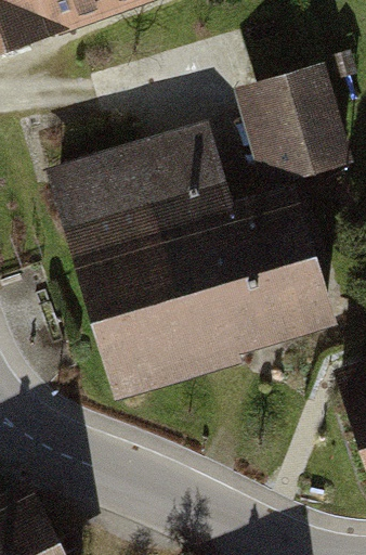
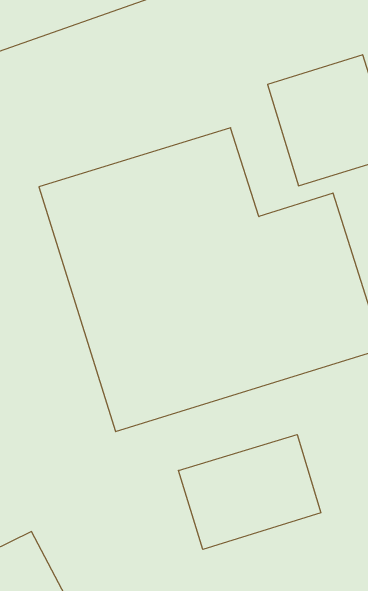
building: none -> [178,435,321,549]

